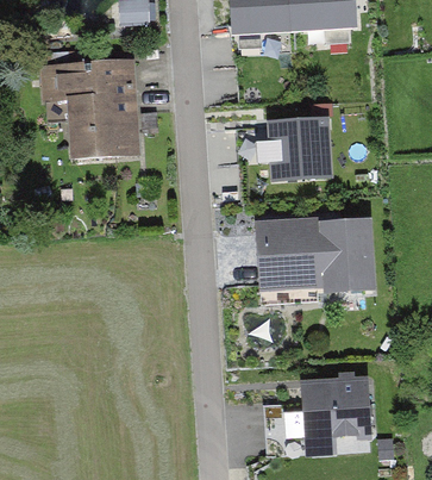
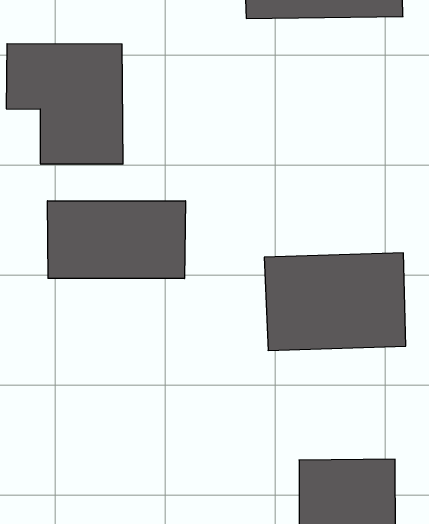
building: [267,113,334,180] -> none
building: none -> [48,201,185,279]

